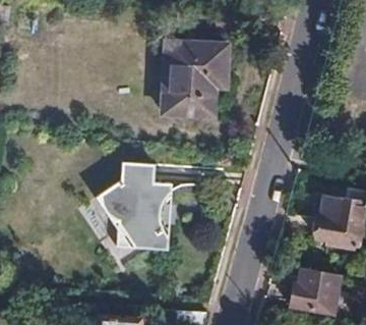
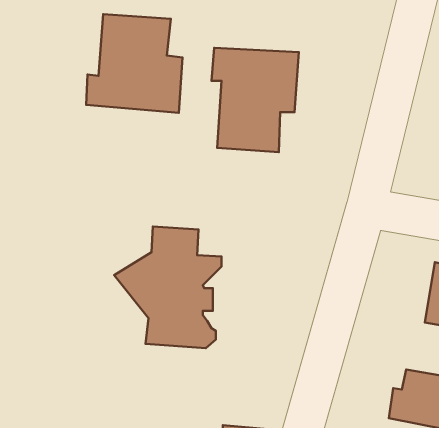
building: none -> [86,14,183,113]

